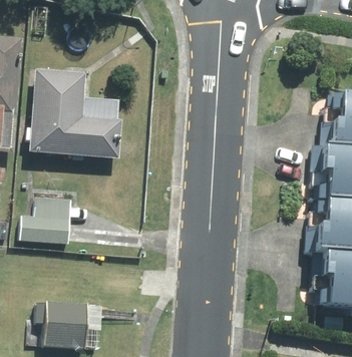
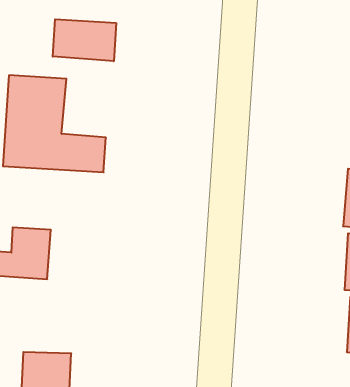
building: none -> [53,19,116,61]

